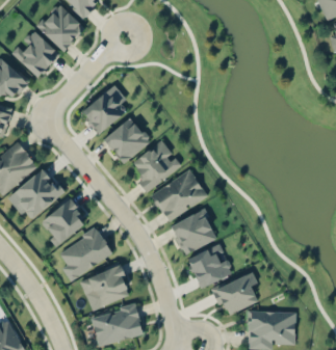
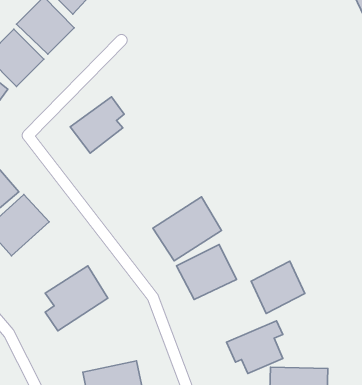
building: [103,117,151,164] -> none
building: [133,141,182,193] -> none
building: [38,198,87,246] -> none
building: [187,244,232,288] -> [251,261,305,314]
building: [81,266,130,305] -> none

